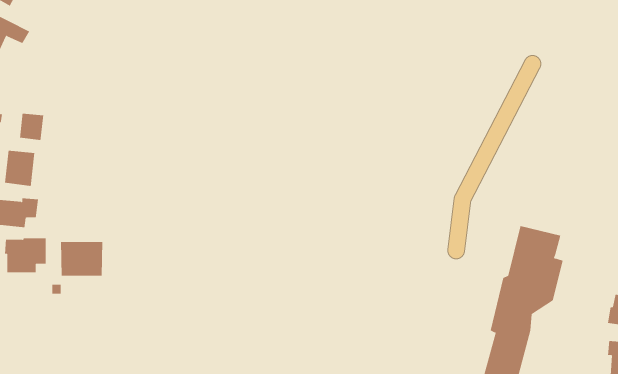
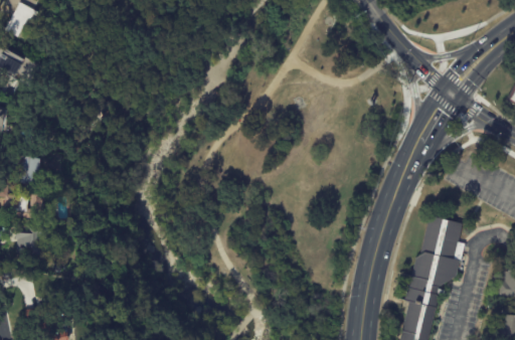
building: [19,113,44,141] -> none
building: [60,241,103,276] -> none

